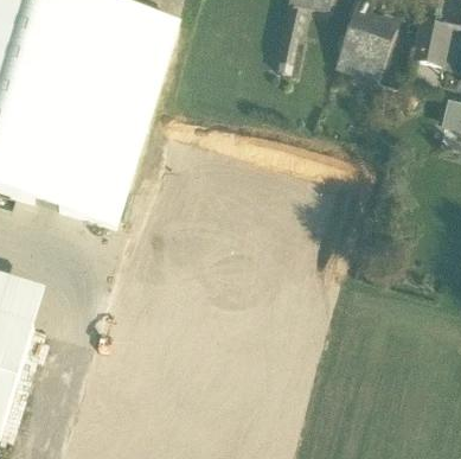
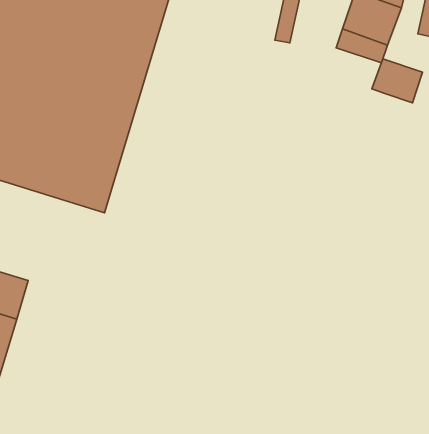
building: none -> [372,59,423,103]

